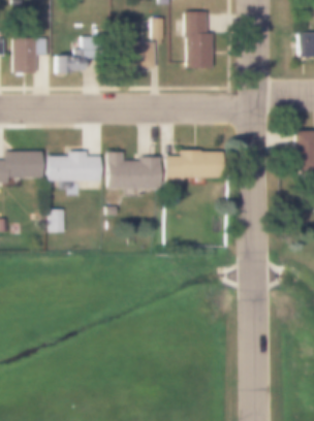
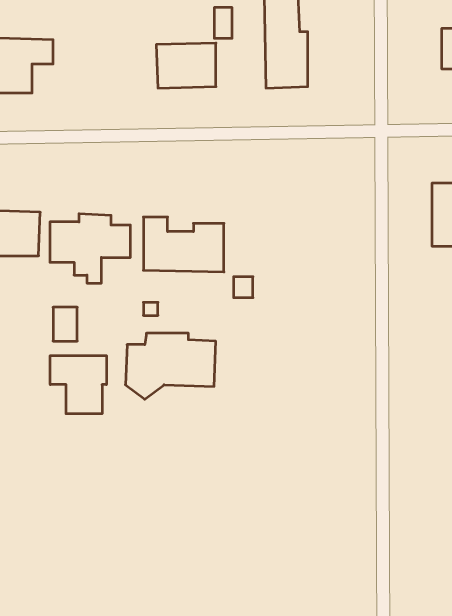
building: [56,36,93,76] -> none
building: [164,144,222,187] -> [125,333,216,399]
building: none -> [50,356,106,414]

